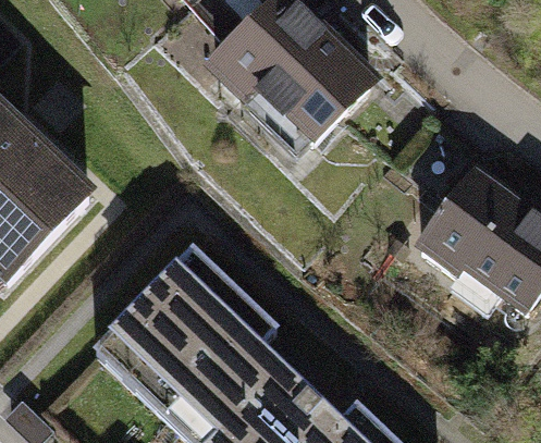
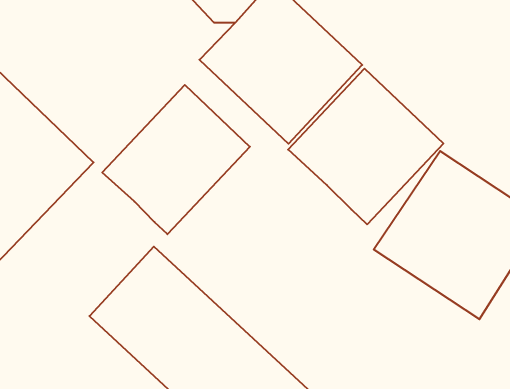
building: none -> [288,69,443,224]
building: none -> [102,85,250,234]

